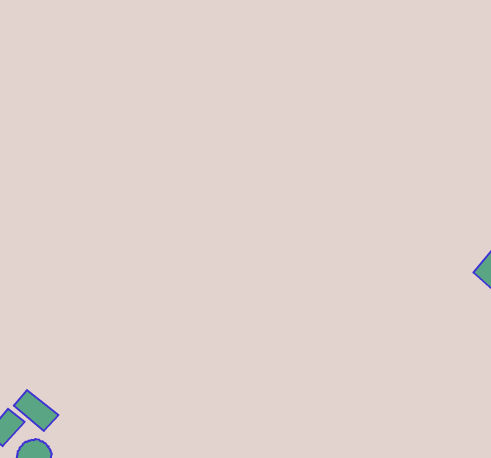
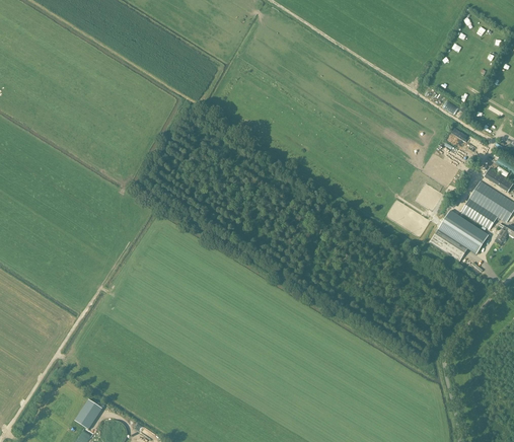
building: [14,390,58,431] -> none

